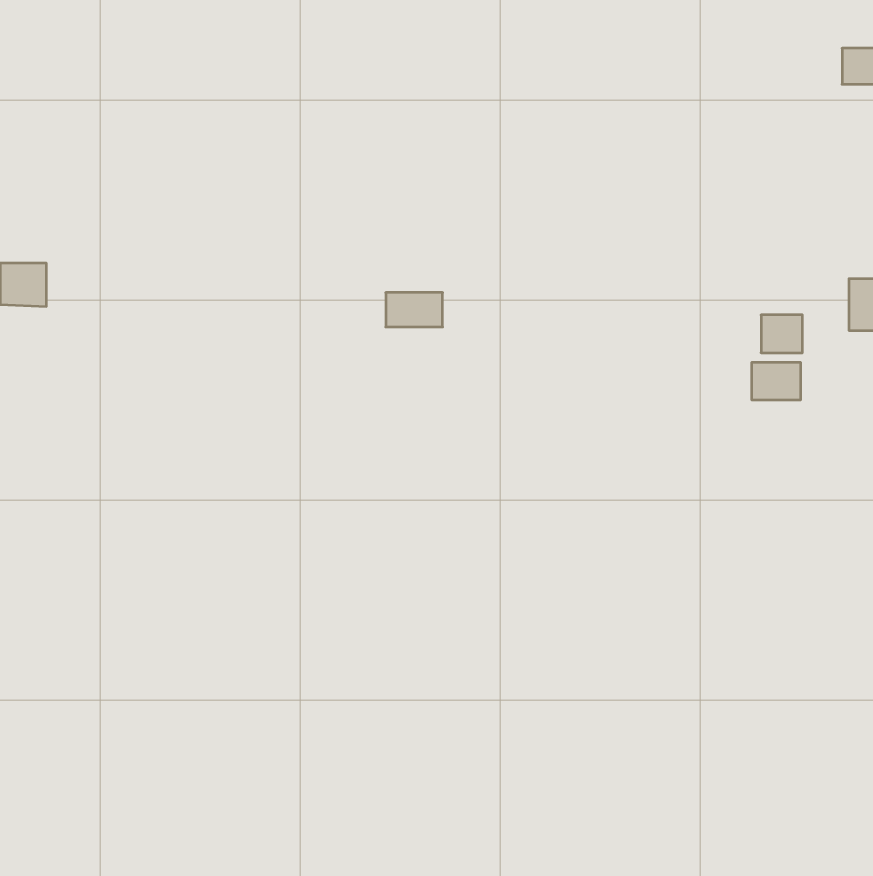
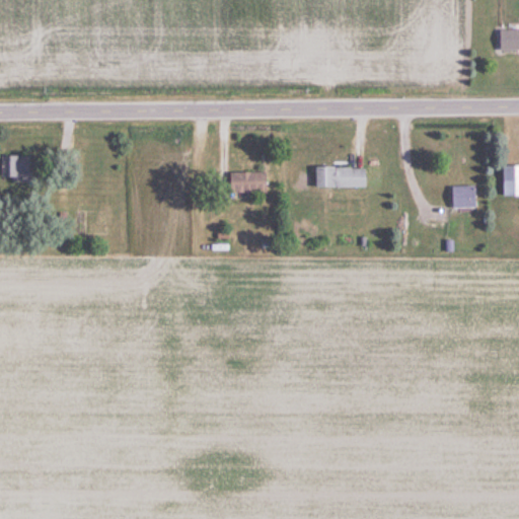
building: none -> [315,167,368,188]
building: [752,362,800,400] -> none

